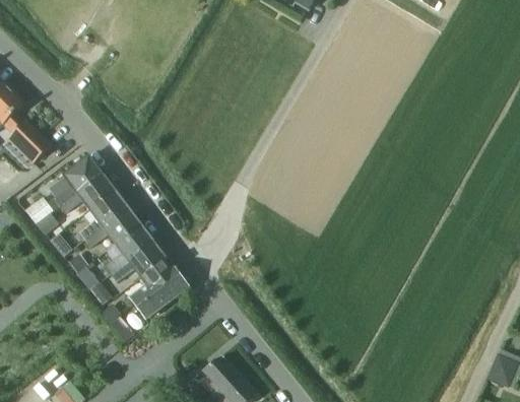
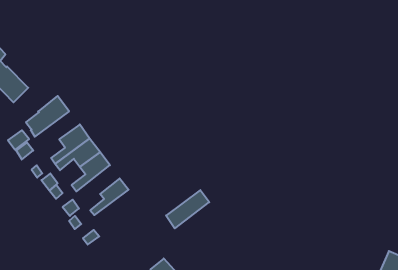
building: [60,174,116,212] -> none
building: [112,241,166,281] -> none
building: [134,271,188,319] -> [166,190,209,228]

